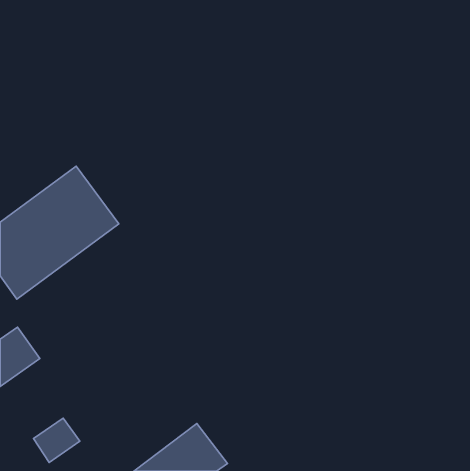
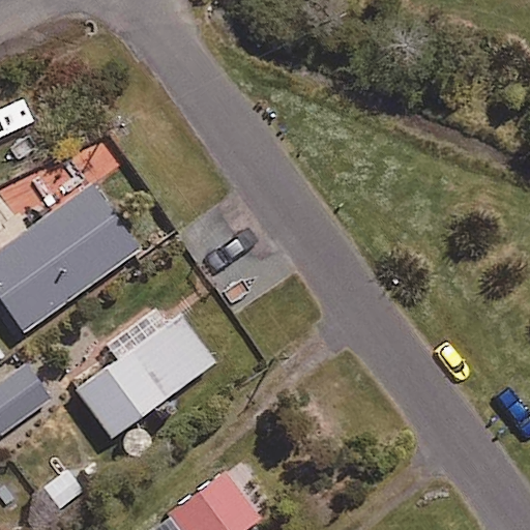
building: none -> [76,314,213,438]

